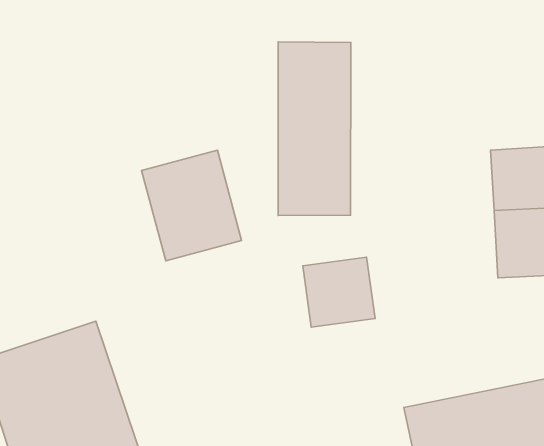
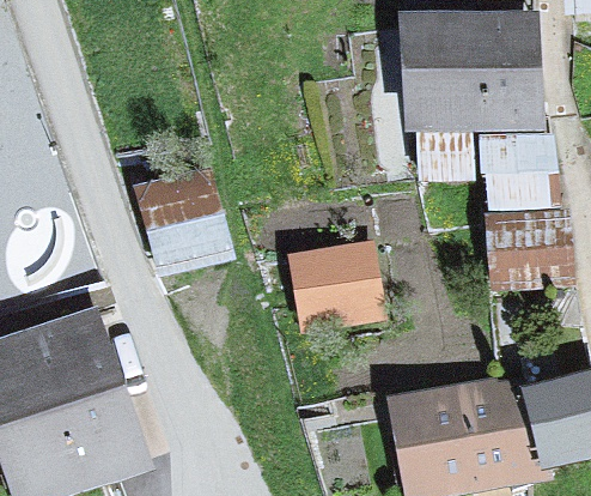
building: none -> [416,28,523,123]
building: [278,42,351,216] -> none

